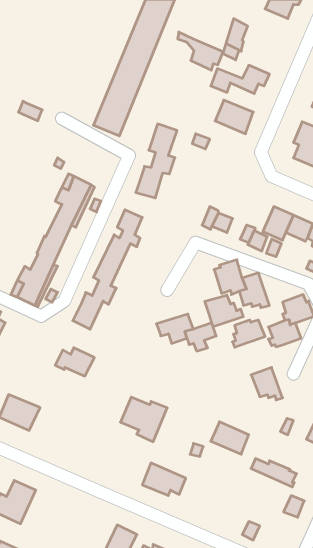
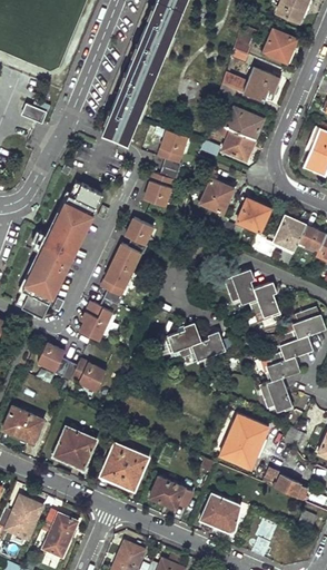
building: none -> [264,29,297,62]
building: [178,32,223,70] -> [209,120,256,159]
building: none -> [199,179,234,214]
building: none -> [236,198,269,232]
building: [205,295,243,327] -> none
building: [232,320,265,347] -> [268,356,301,384]
building: none -> [37,344,69,377]
building: [120,397,167,442] -> [102,448,150,493]
building: none -> [229,414,269,449]
building: none -> [56,428,97,470]
building: none -> [200,495,241,533]
building: none -> [40,510,77,558]

